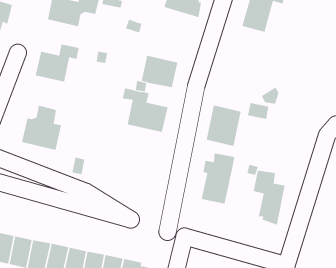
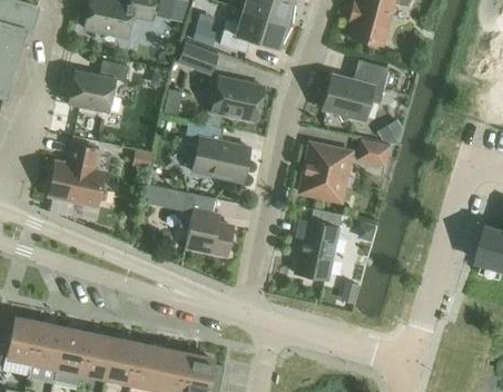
building: none -> [220,11,293,53]
building: none -> [179,45,217,73]
building: none -> [324,61,389,121]
building: none -> [142,184,234,256]
building: [253,170,285,225] -> none

